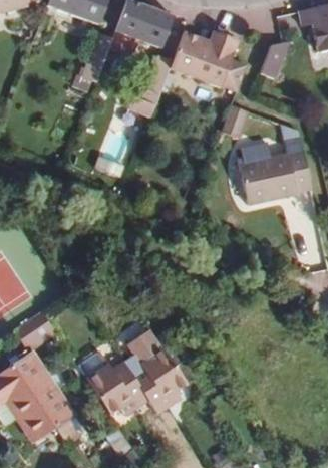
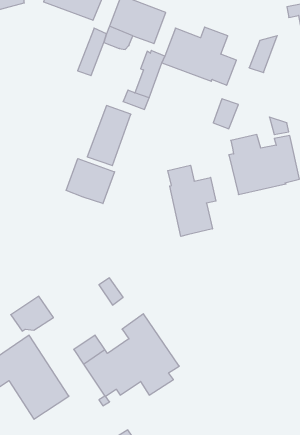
building: none -> [66,159,115,204]
building: none -> [168,165,216,236]

